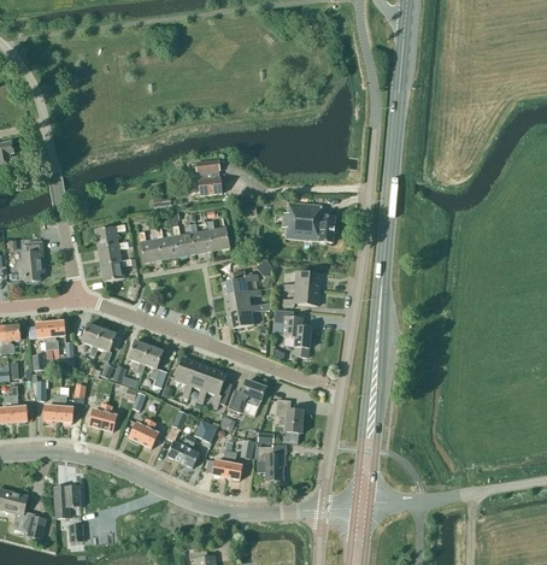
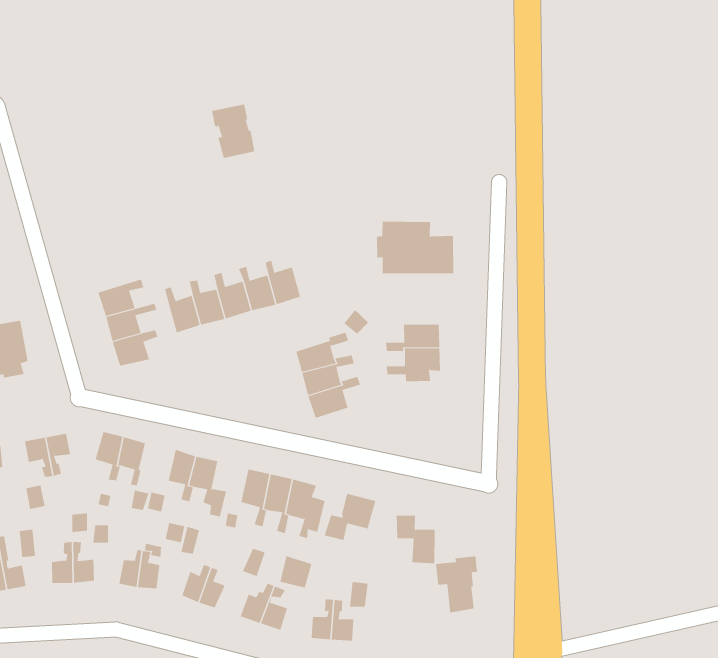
building: [195,160,222,195] -> [211,104,255,159]
building: [283,317,310,357] -> none
building: [259,445,287,481] -> [435,556,478,613]

